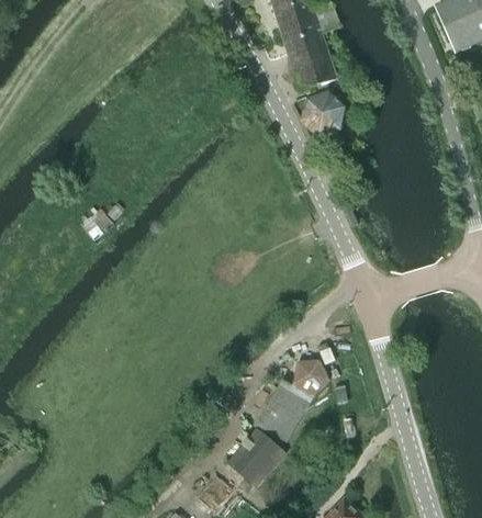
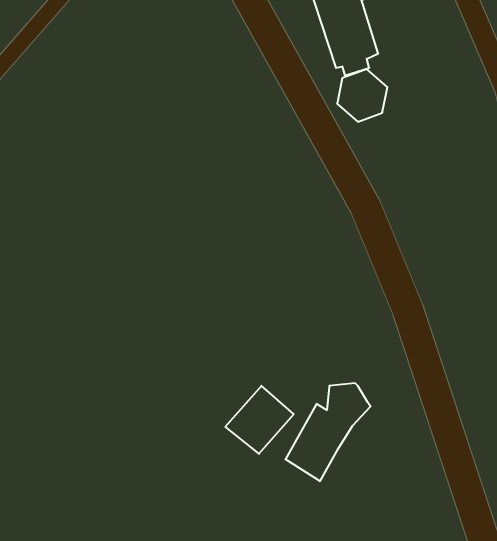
building: [226,428,284,486] -> [225,386,294,454]

